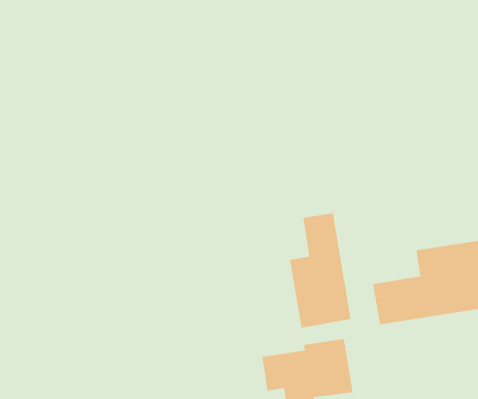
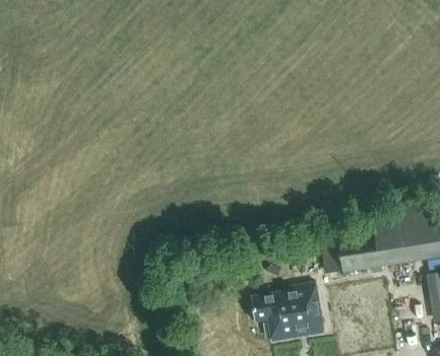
building: [289,212,351,328] -> none

